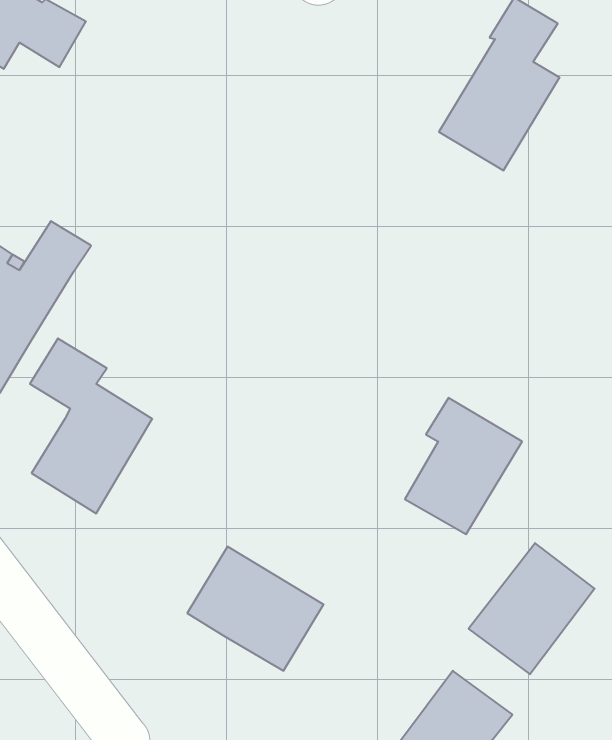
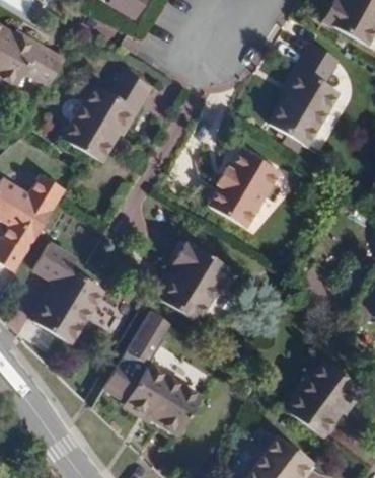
building: none -> [63,70,150,161]
building: none -> [207,148,279,227]
building: [405,398,522,534] -> [162,242,230,321]
building: none -> [103,311,170,401]

